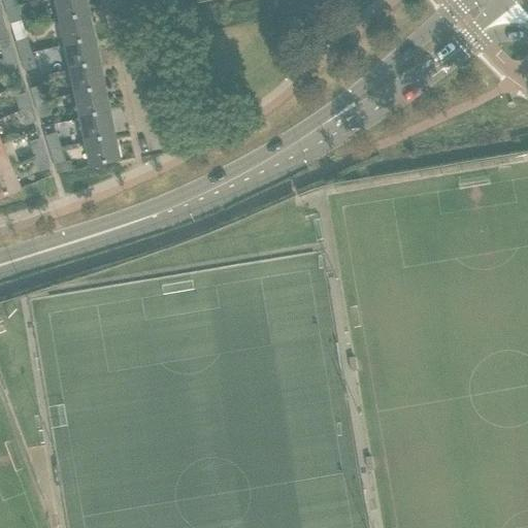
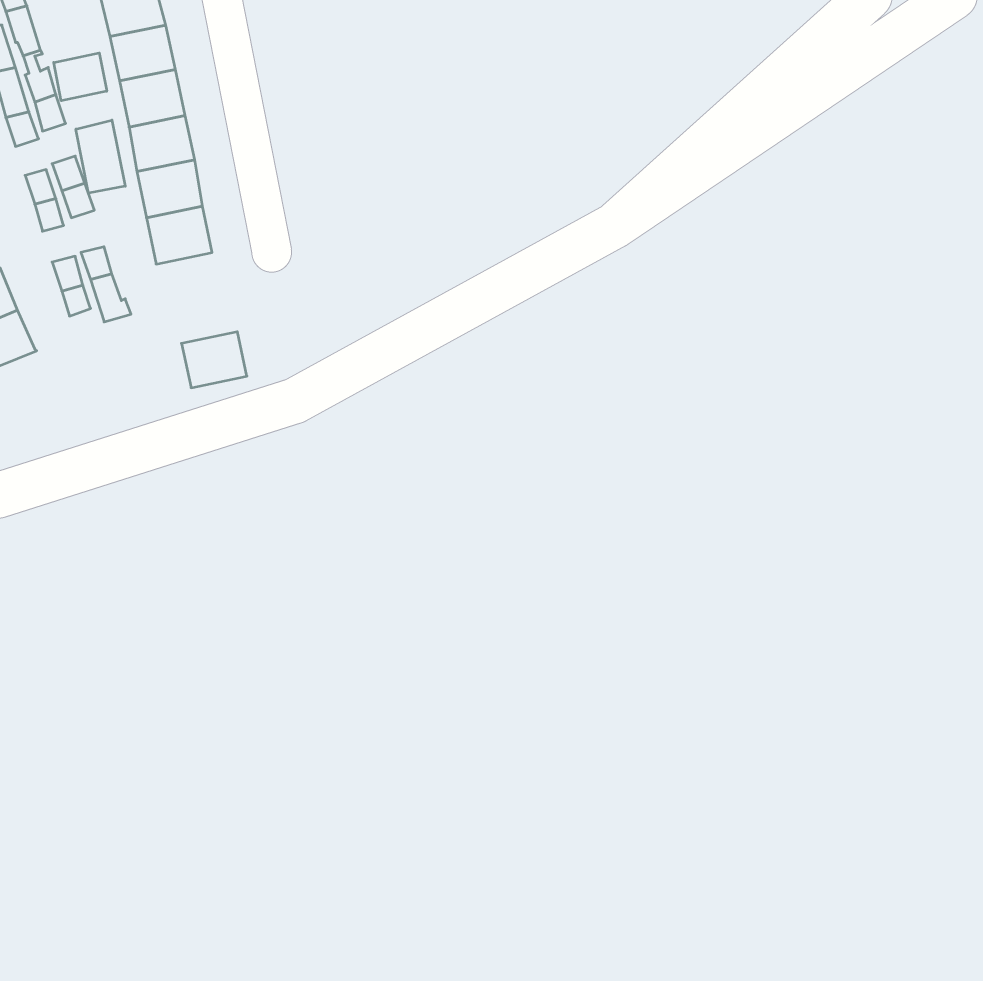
building: none -> [54,53,107,101]
building: none -> [76,120,125,193]
building: [84,135,119,165] -> [181,332,247,388]

